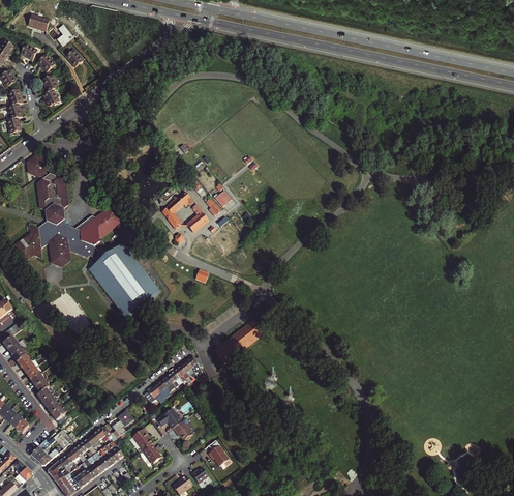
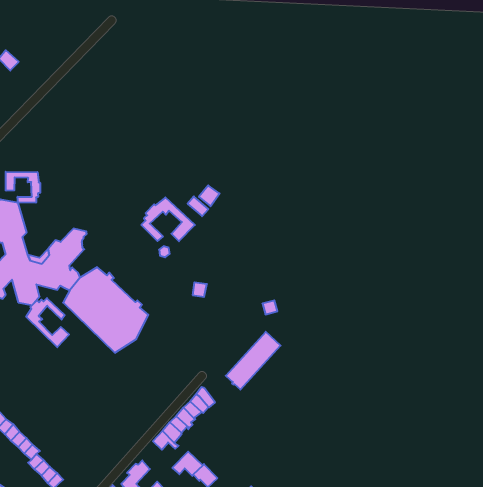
building: none -> [6,172,40,203]
building: none -> [26,298,69,347]

